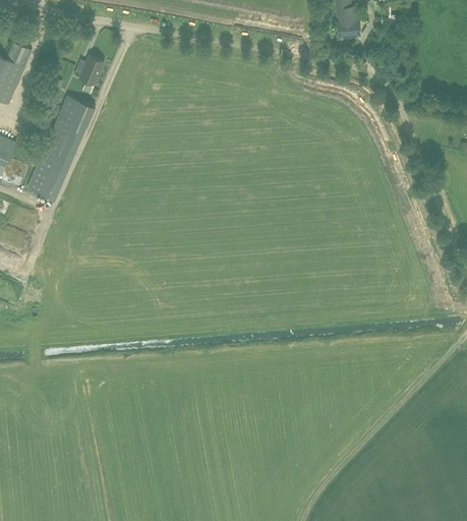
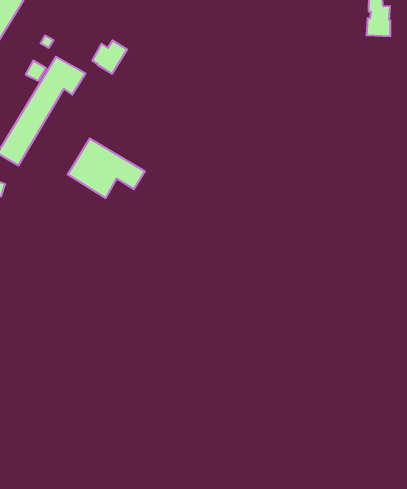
building: [73,55,103,84] -> [92,40,127,74]
building: none -> [68,138,145,198]

